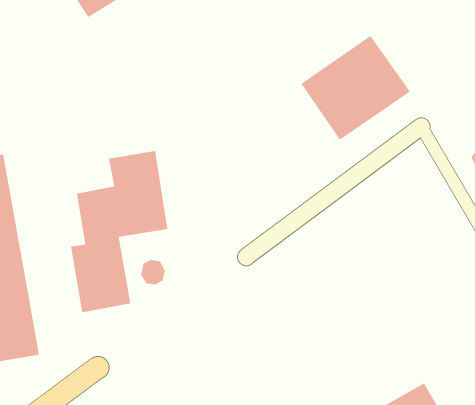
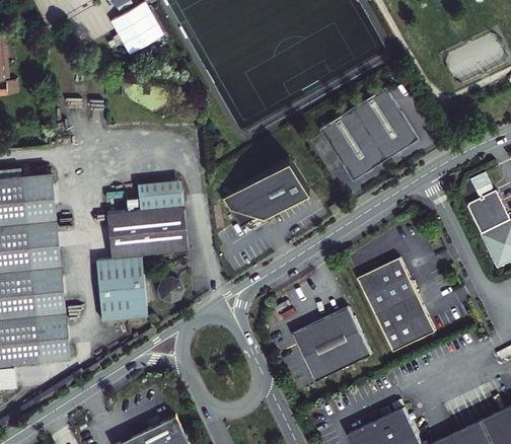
building: none -> [225,158,309,224]
building: none -> [356,262,433,355]
building: none -> [290,306,368,381]

